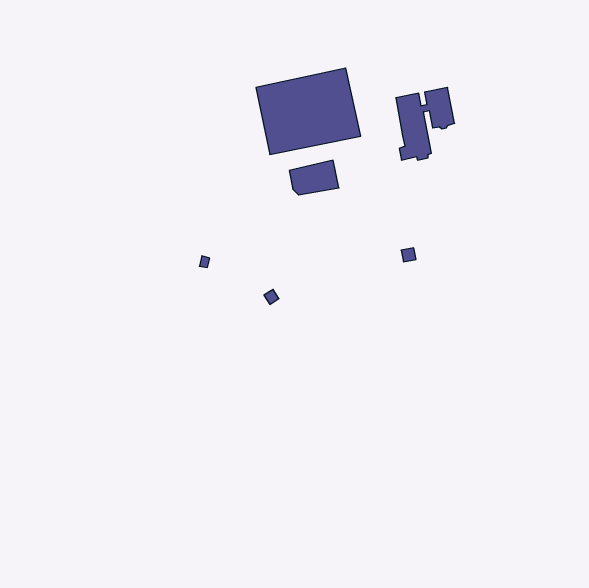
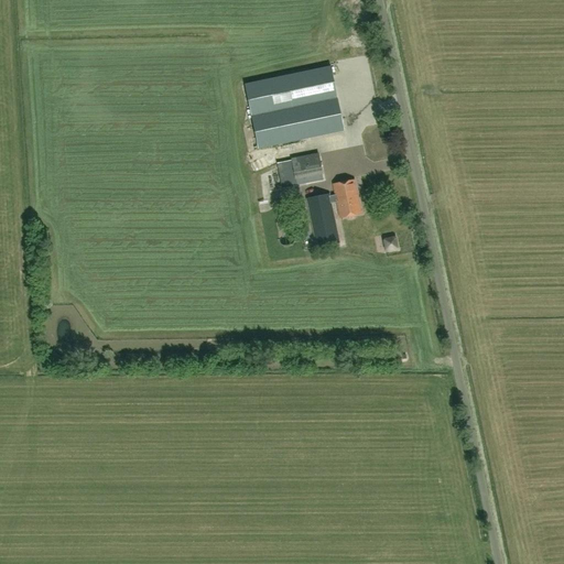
building: [396,87,455,160] -> [305,178,361,248]

